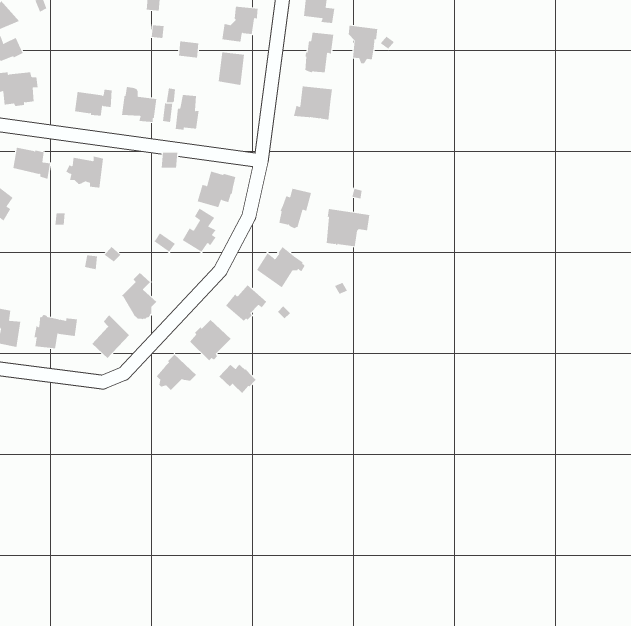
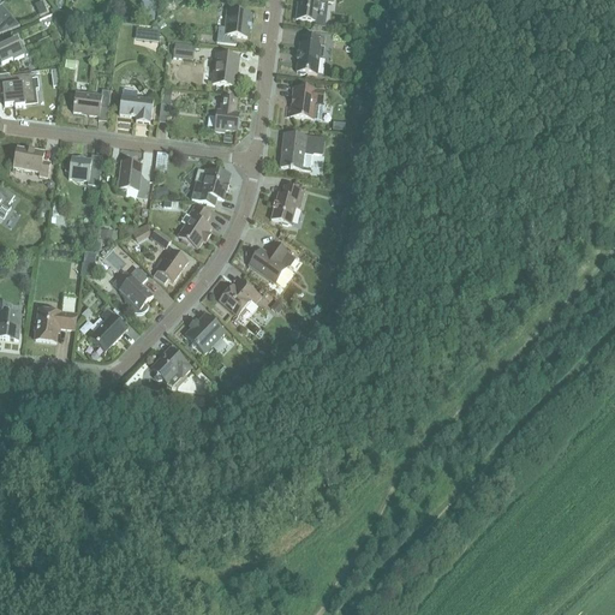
building: [348,25,378,64] -> none
building: [175,94,199,130] -> [214,94,238,129]
building: none -> [115,159,149,196]
building: [326,209,370,247] -> [280,130,323,167]
building: none -> [153,246,187,281]
building: [218,364,257,394] -> none

